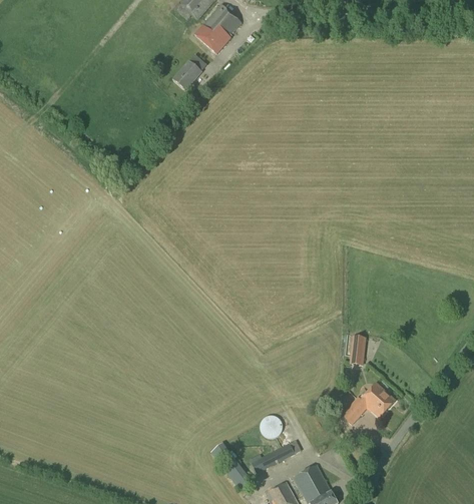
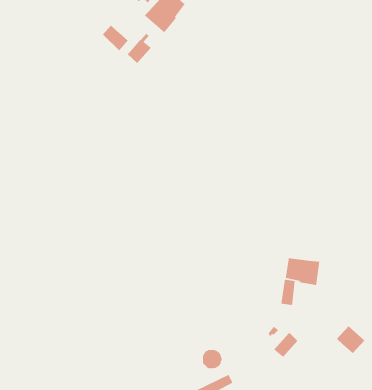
building: none -> [102,25,129,51]
building: none -> [285,257,320,286]
building: [363,383,396,415] -> [336,326,365,354]

